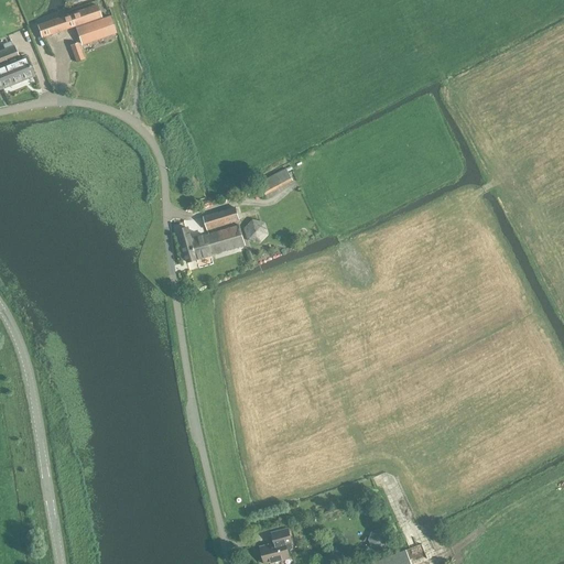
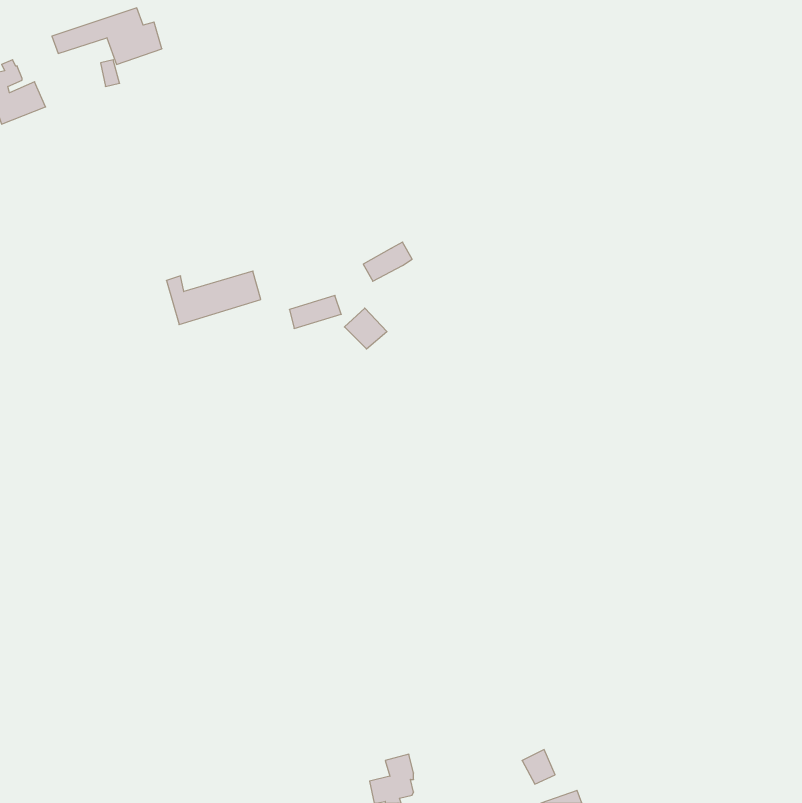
building: [177,225,243,262] -> [166,271,261,325]

